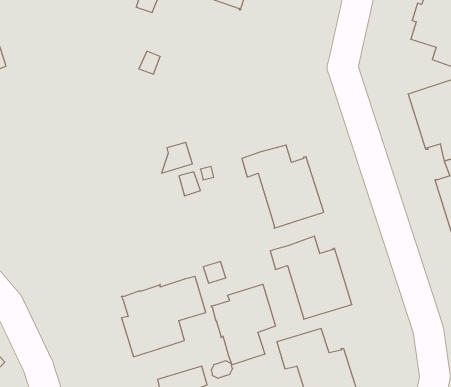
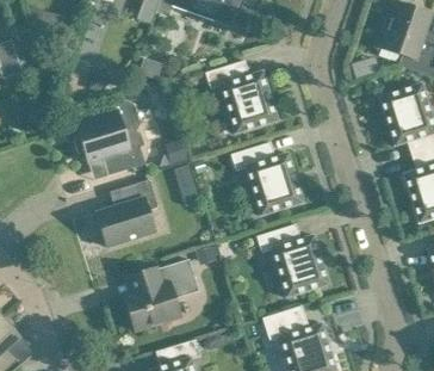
building: none -> [204,61,277,135]
building: none -> [74,101,144,177]
building: none -> [95,180,157,248]
building: [211,284,276,365] -> none

